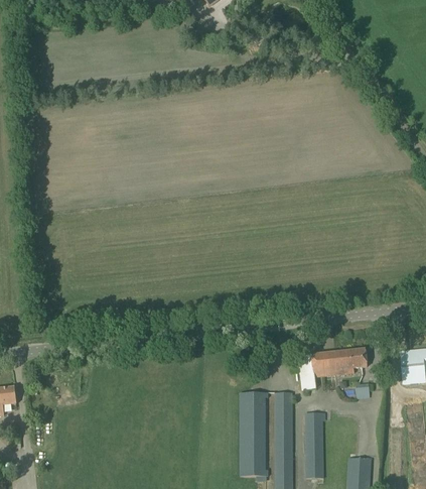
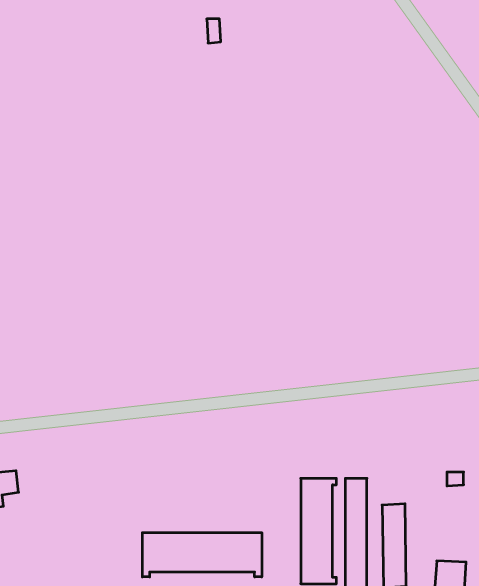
building: [298,348,367,390] -> none
building: none -> [142,533,262,577]

